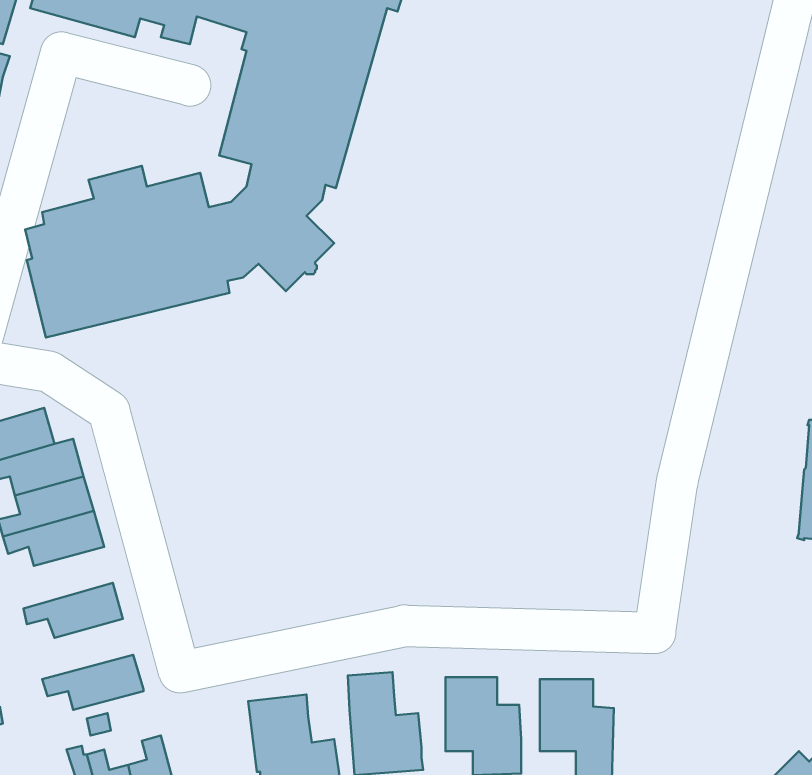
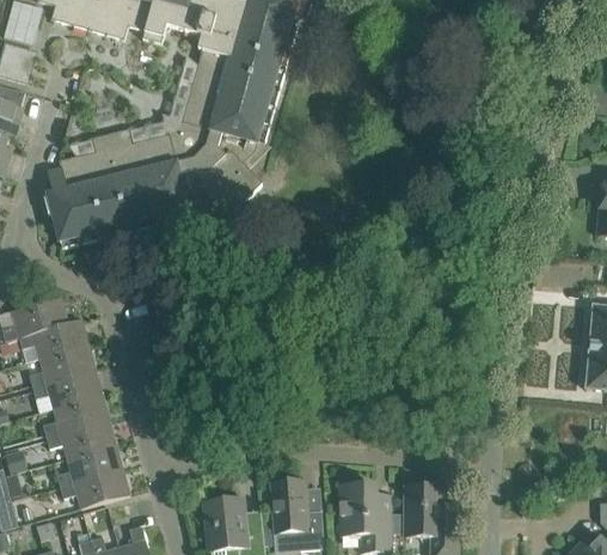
building: none -> [42,392,108,435]
building: none -> [55,443,122,484]

